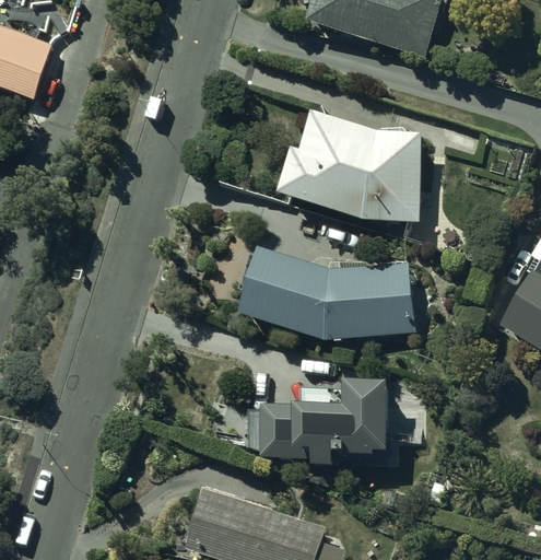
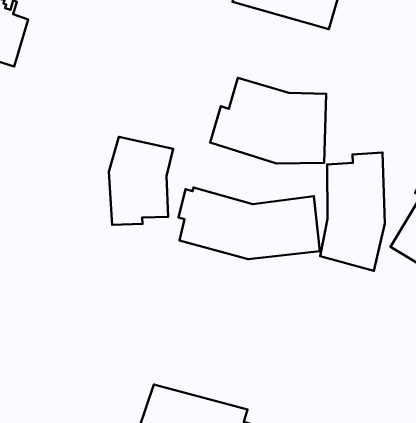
building: none -> [109,137,173,225]
building: none -> [320,152,385,271]
building: [247,381,420,465] -> none

